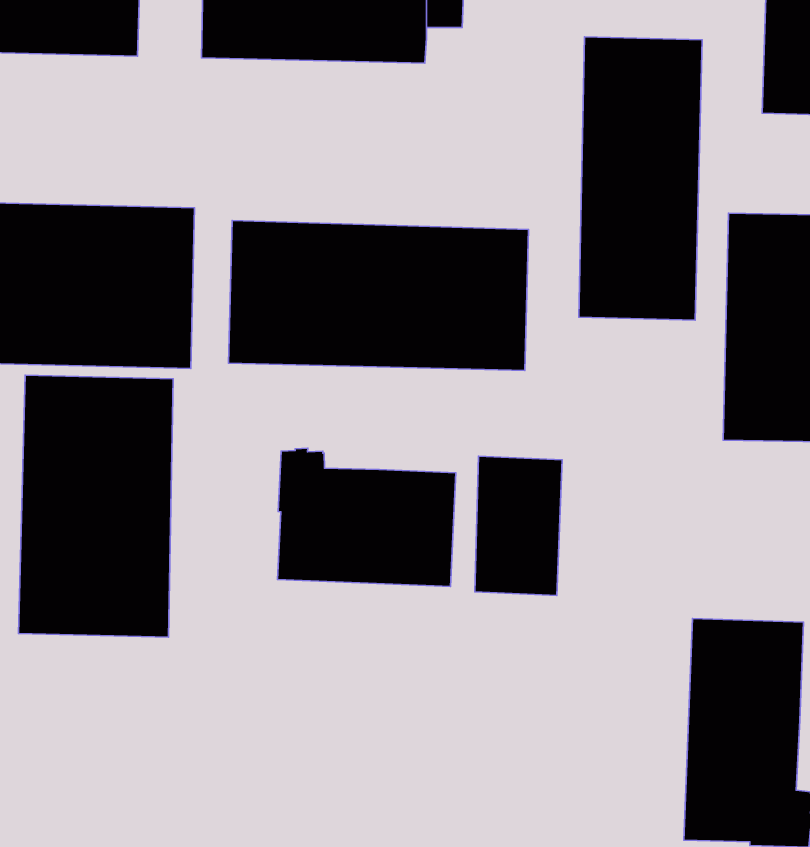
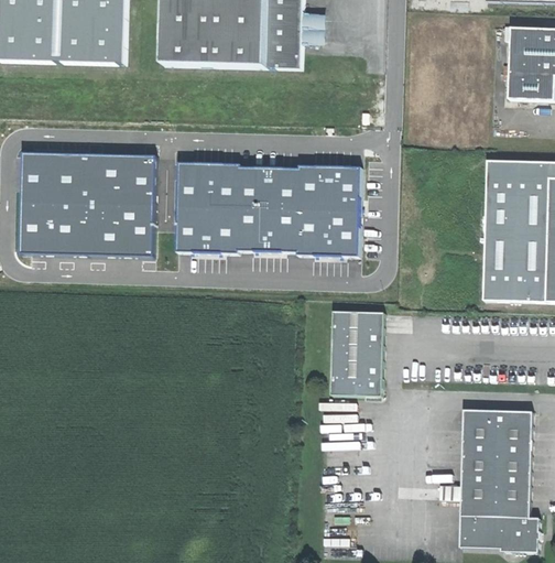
building: [579,37,702,320] -> none
building: [18,375,173,637] -> none
building: [278,448,456,586] -> none

